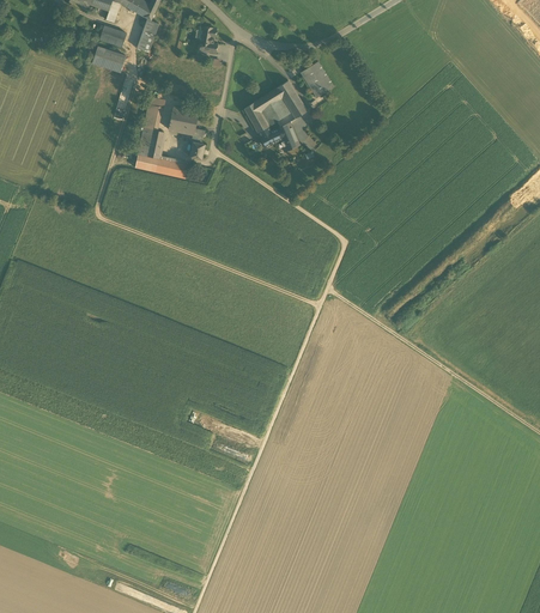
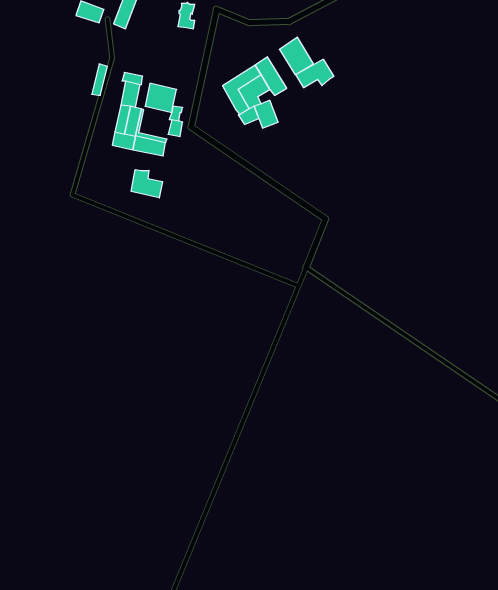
building: [92,47,126,73] -> none
building: none -> [296,59,334,88]
building: none -> [131,170,163,198]

